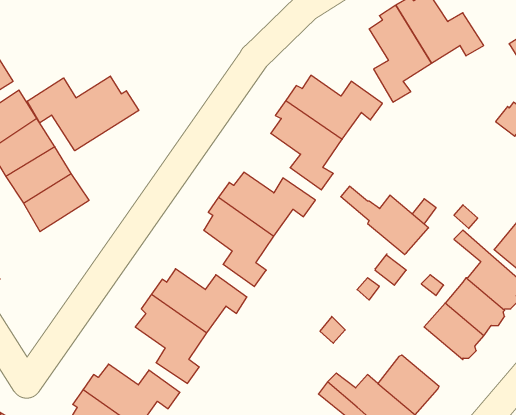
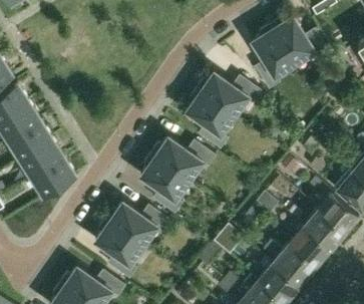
building: [27,76,139,151] -> none
building: [341,186,429,255] -> [256,238,315,284]
building: none -> [30,159,75,199]

